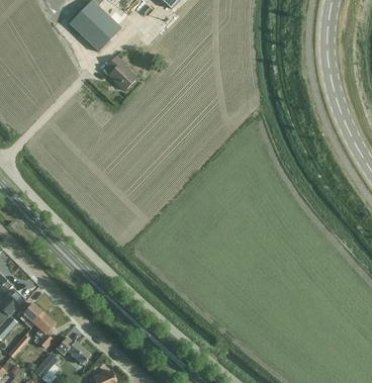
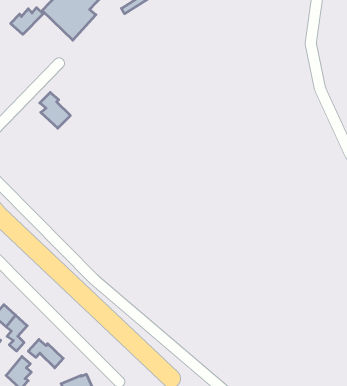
building: none -> [11,8,43,34]
building: [105,55,134,89] -> [40,92,70,128]

